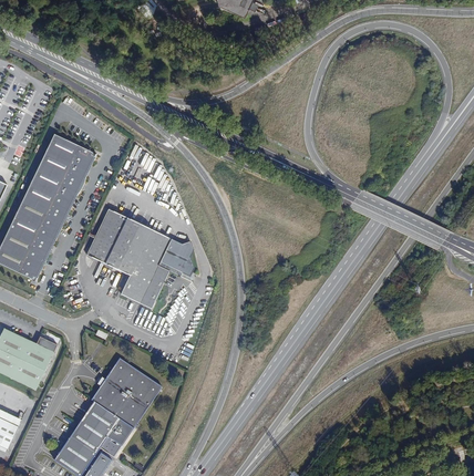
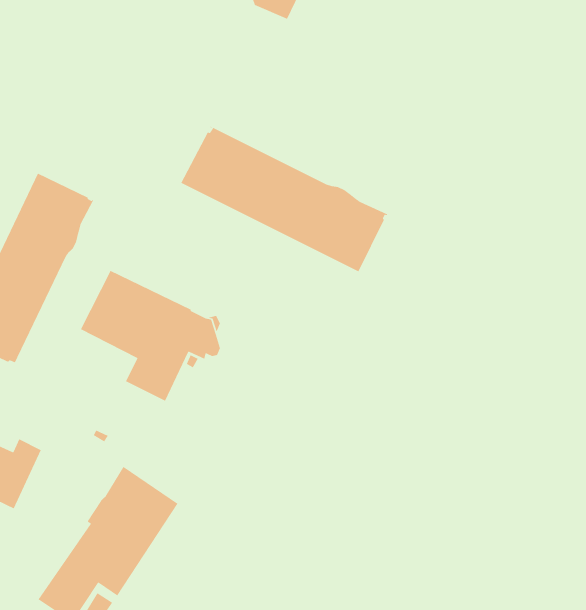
building: none -> [180,126,388,272]

